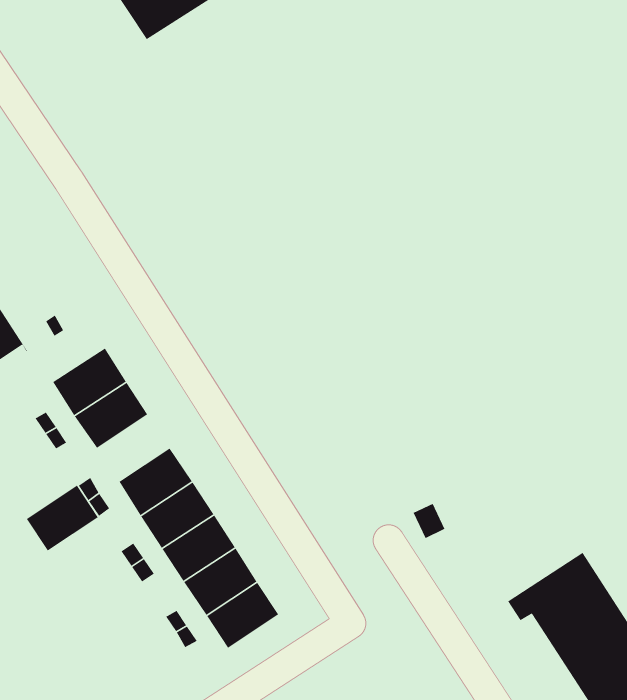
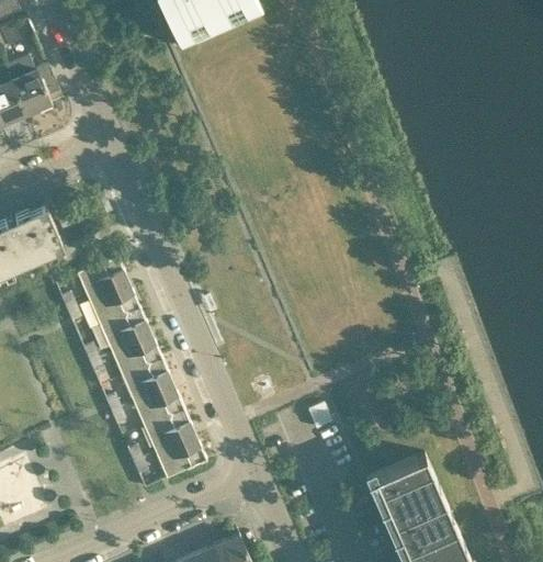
building: [26,485,99,552] -> [99,307,149,350]

